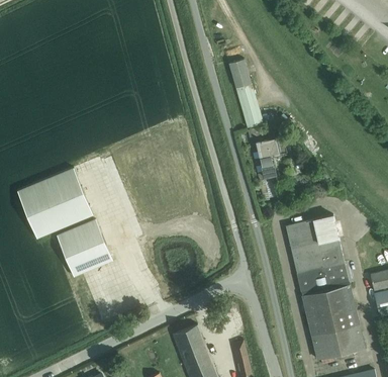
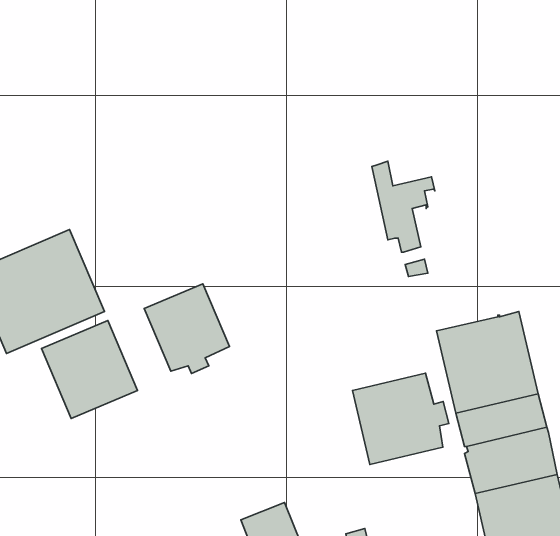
building: [228,60,262,126] -> none
building: none -> [144,284,230,374]
building: none -> [352,373,449,465]

